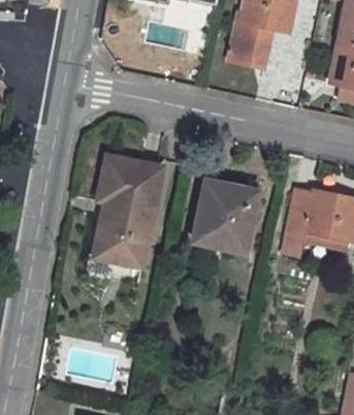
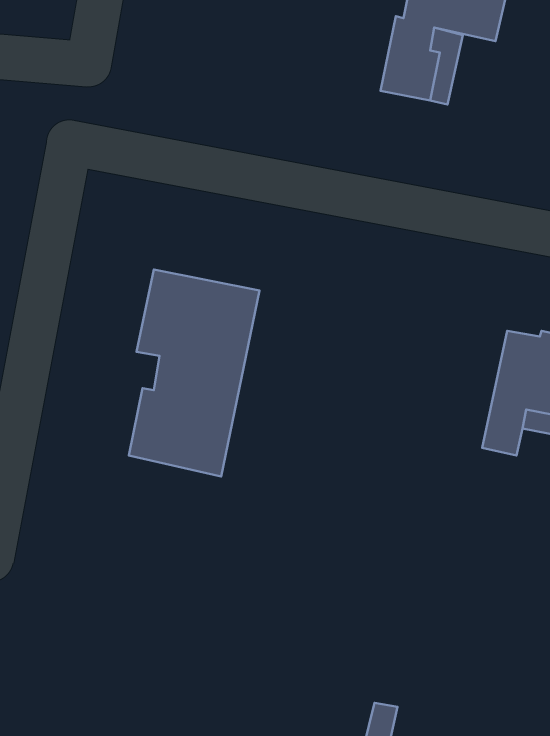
building: [193,182,257,251] -> none

